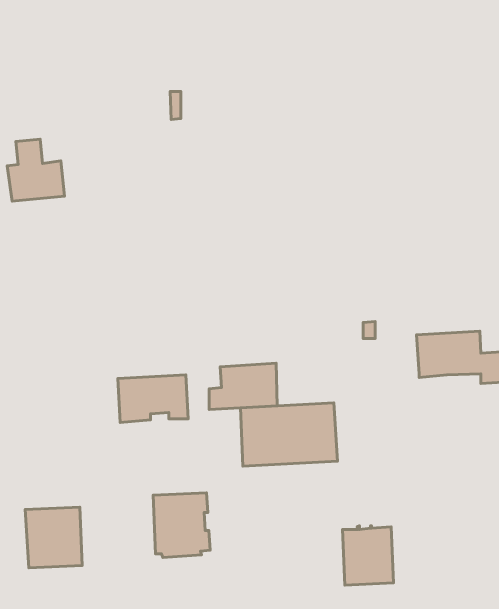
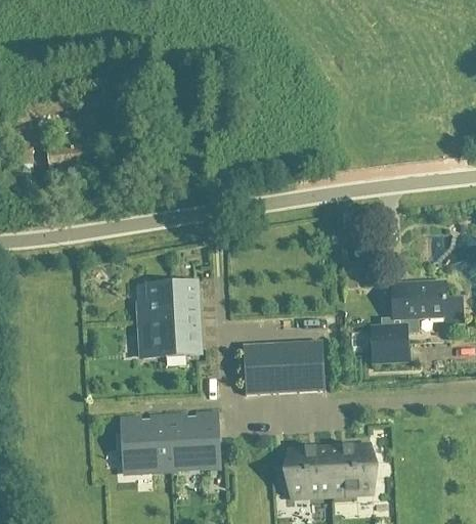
building: [209,363,277,409] -> [139,281,197,320]
building: none -> [371,316,418,362]
building: [25,507,82,568] -> [123,419,171,470]
building: none -> [288,446,331,496]

